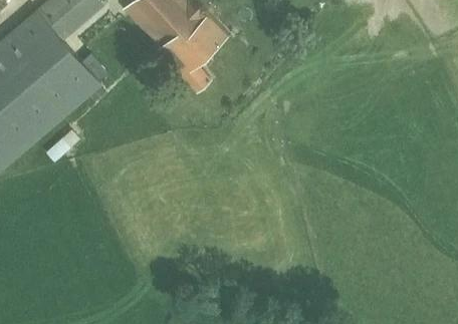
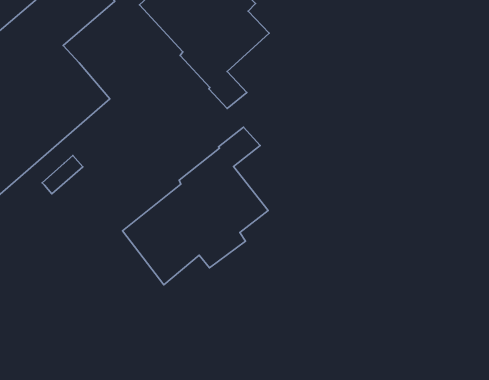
building: none -> [122,127,268,285]

